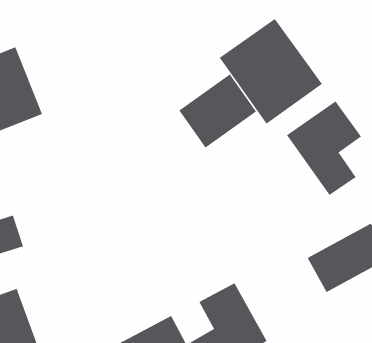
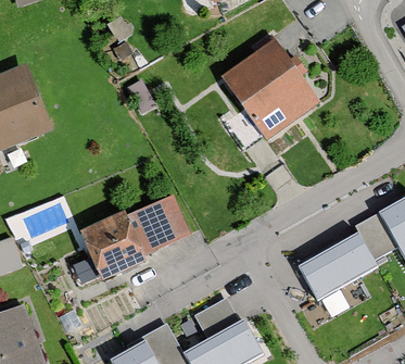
building: [179,74,257,148] -> none
building: [286,101,362,196] -> none
building: none -> [80,191,193,280]

